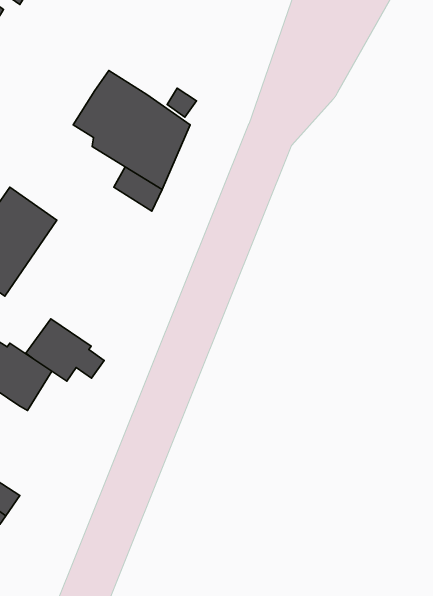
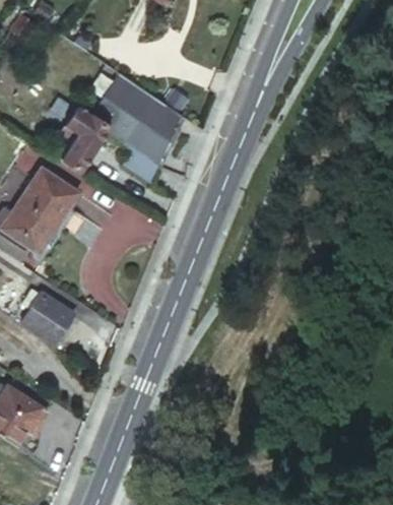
building: none -> [58,107,109,172]
building: [26,319,104,381] -> none

